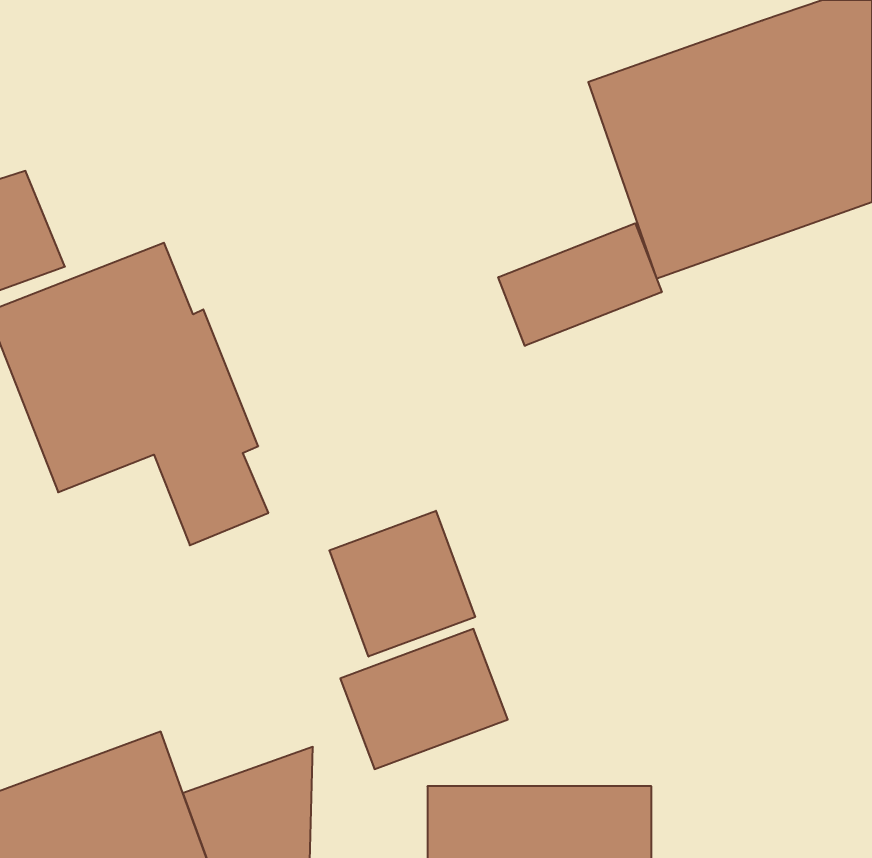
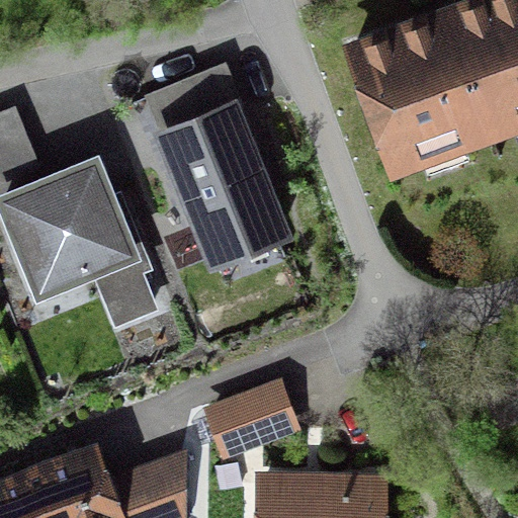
building: none -> [142,67,292,269]
building: [498,223,662,346] -> none
building: [329,511,475,657] -> none

